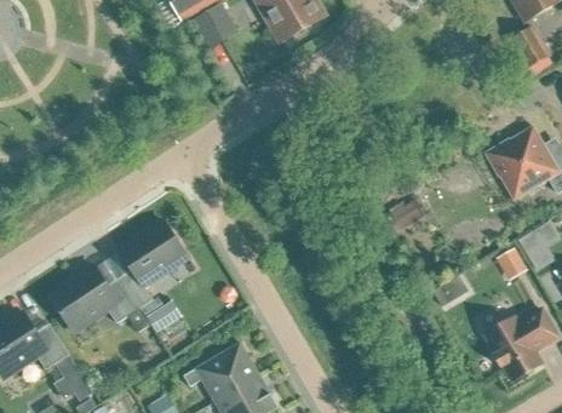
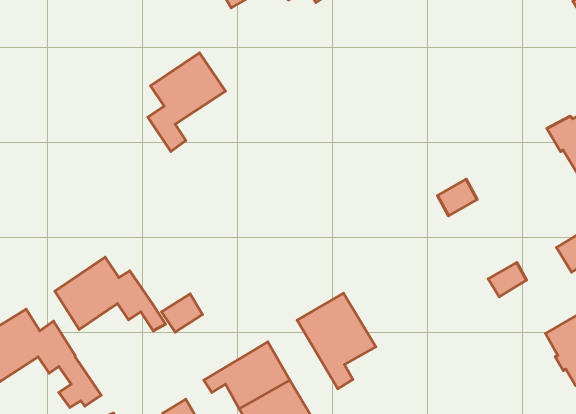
building: [117,222,187,309] -> [148,53,226,151]
building: none -> [297,293,376,389]

